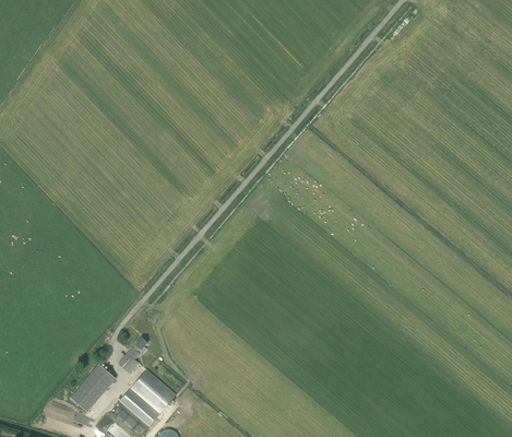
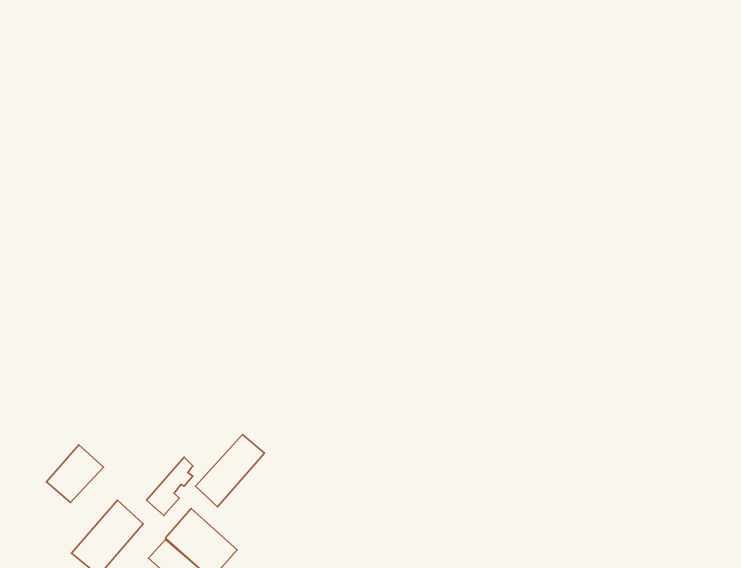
building: none -> [195,435,264,507]
building: none -> [47,445,104,503]

